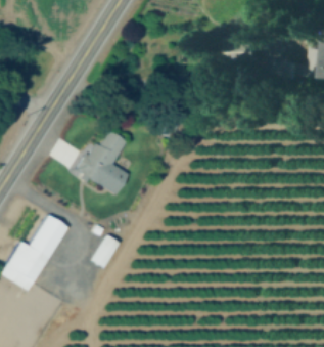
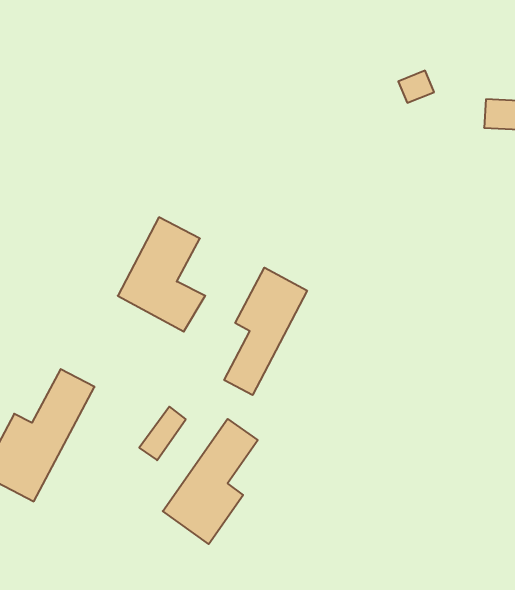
building: none -> [224,268,307,395]
building: none -> [163,419,258,544]

